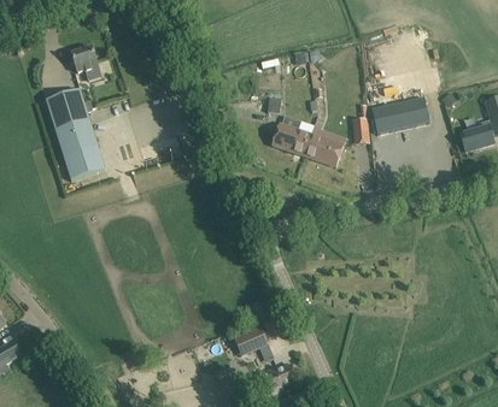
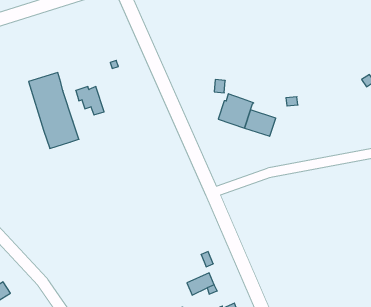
building: [66,46,100,79] -> [76,87,104,115]
building: [370,96,428,134] -> none

